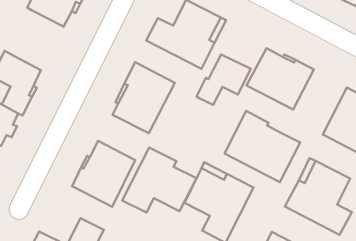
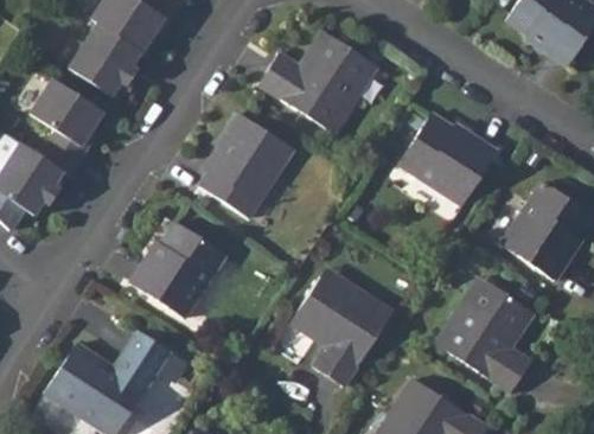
building: none -> [69,24,140,96]
building: [196,55,251,105] -> none
building: [225,111,300,182] -> none
building: [122,147,197,212] -> none

